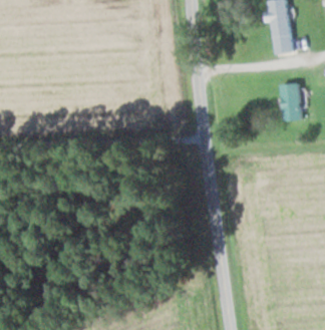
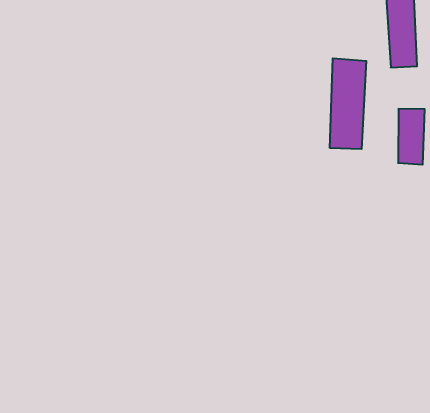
building: none -> [330,58,366,149]

